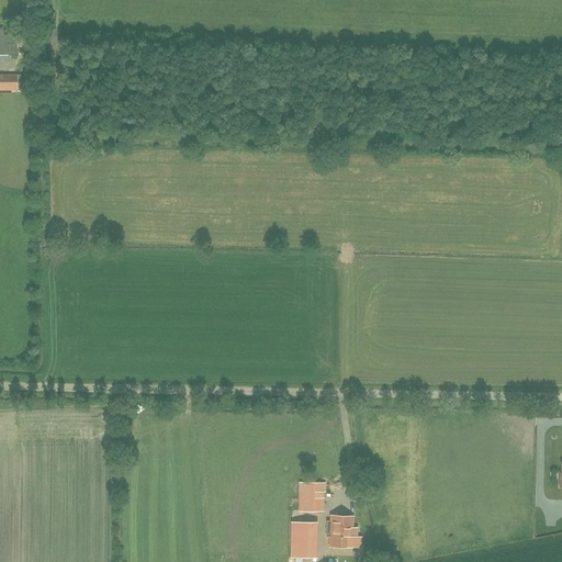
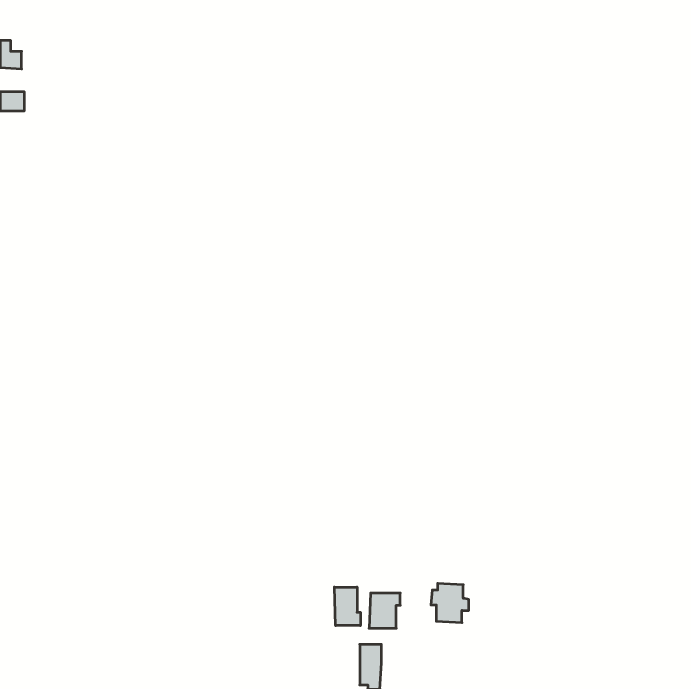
building: none -> [334,587,360,626]
building: [326,515,357,547] -> [431,583,469,623]

